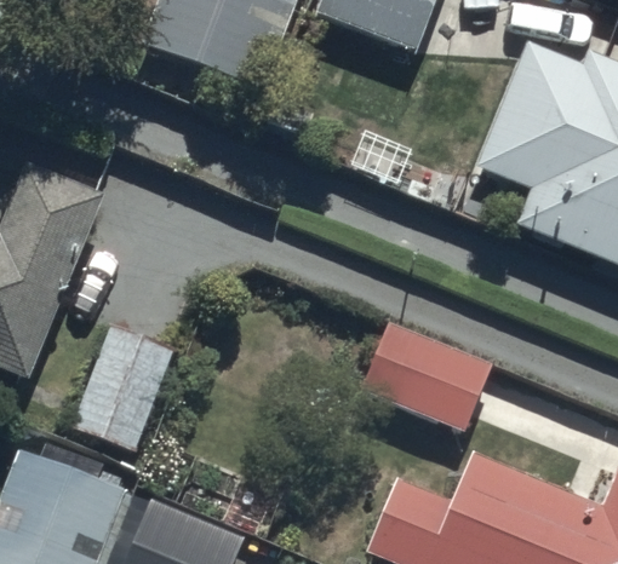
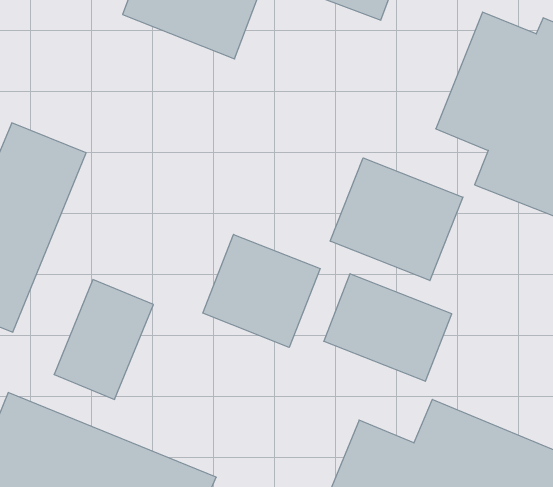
building: none -> [330,158,463,281]
building: none -> [203,234,320,347]

